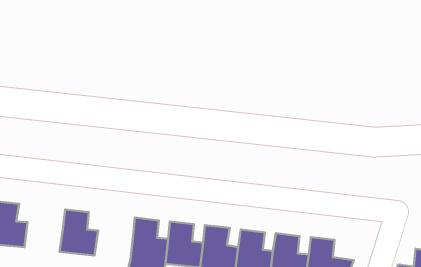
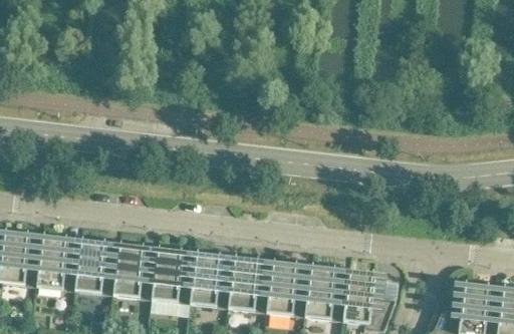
building: none -> [36,240,78,290]
building: none -> [112,248,155,298]

